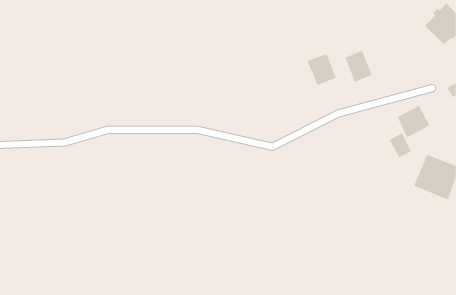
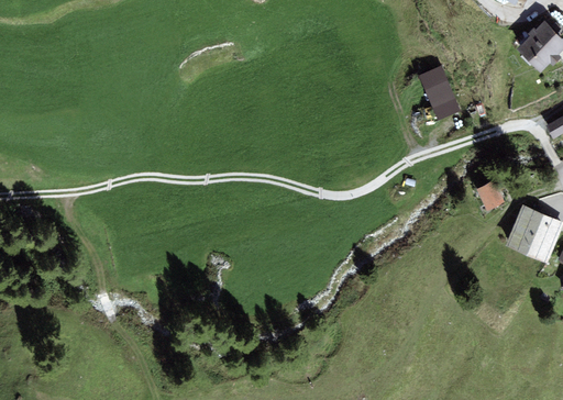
building: [307,53,337,86] -> none
building: [397,105,430,138] -> none

